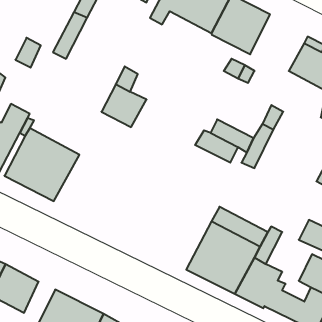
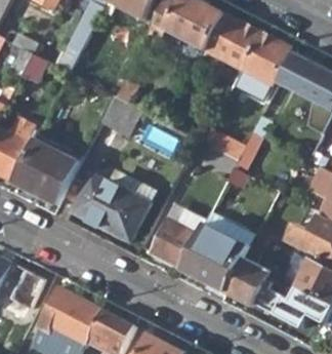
building: none -> [239,32,288,84]
building: none -> [70,172,153,242]
building: none -> [149,212,203,269]

